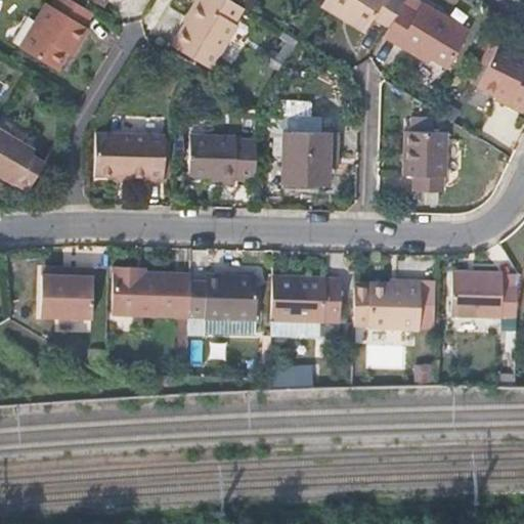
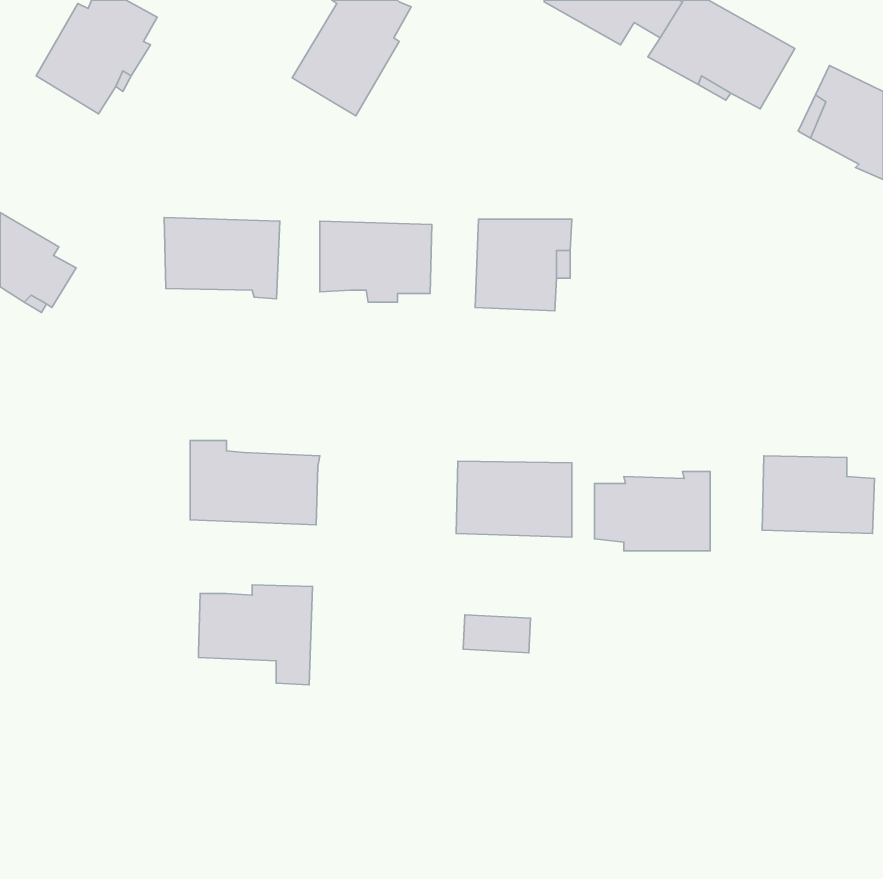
building: [402,132,446,192] -> none
building: [40,264,92,315] -> none
building: [187,273,255,333] -> [198,585,313,685]

